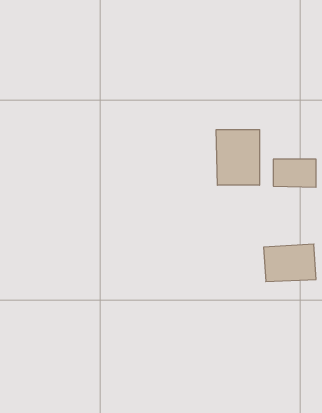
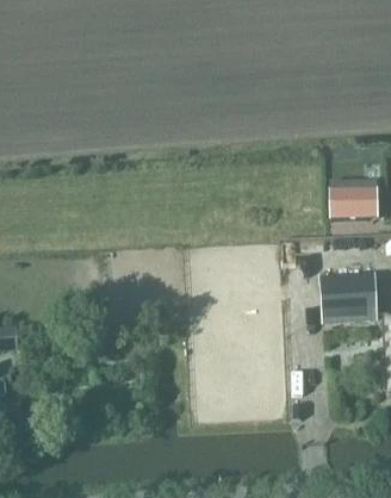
building: [216,130,260,185] -> none

